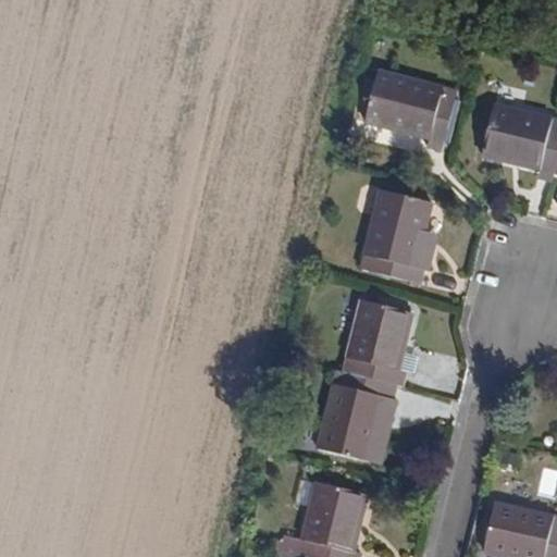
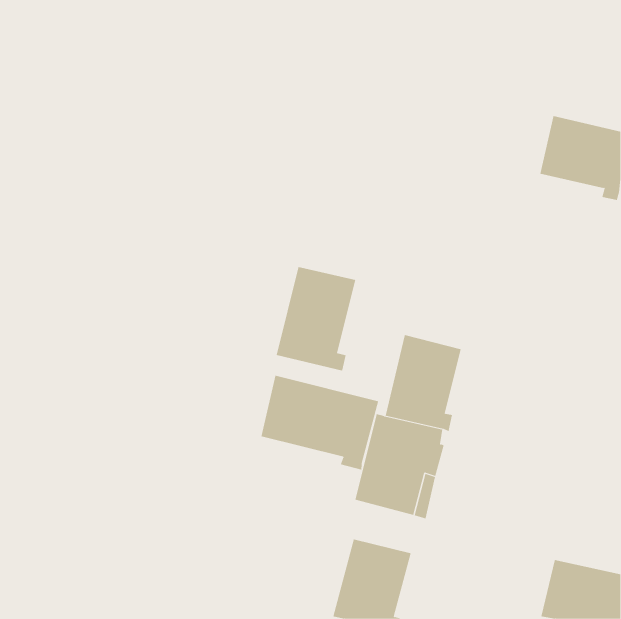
building: [364,70,457,150] -> none
building: [360,189,432,283] -> [276,267,356,371]
building: none -> [261,375,379,471]

